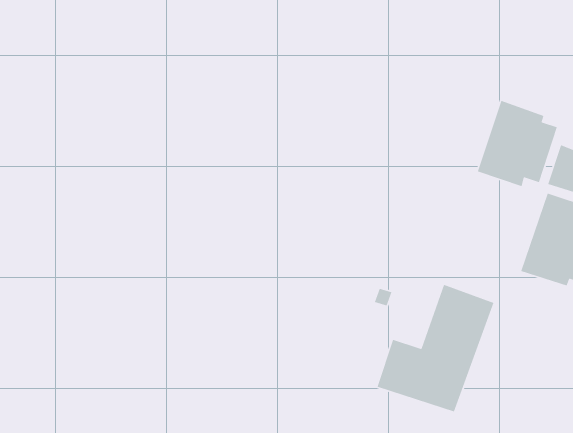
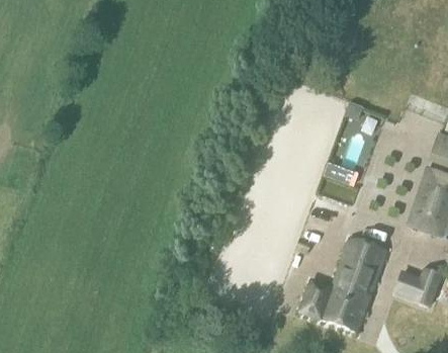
building: [477,100,558,187] -> none
building: none -> [398,270,440,306]

